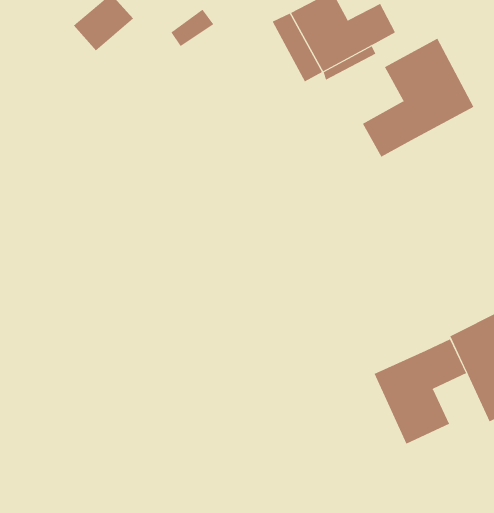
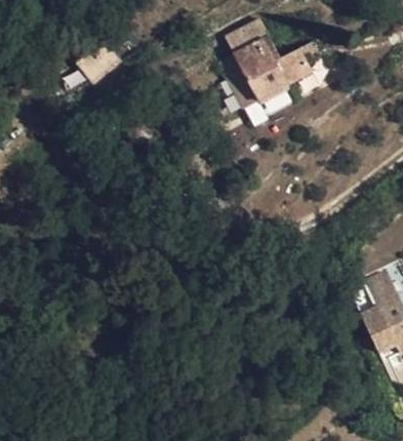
building: [362,38,474,157] -> none
building: [374,339,467,445] -> none

